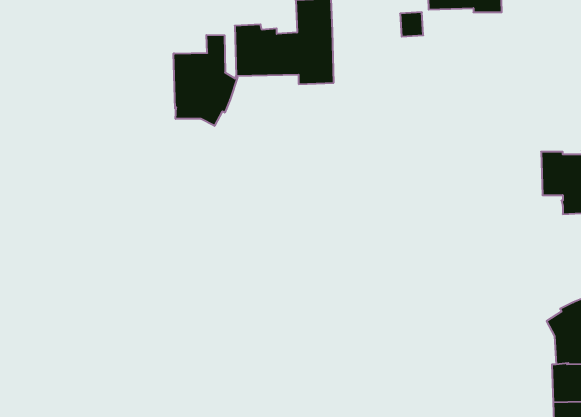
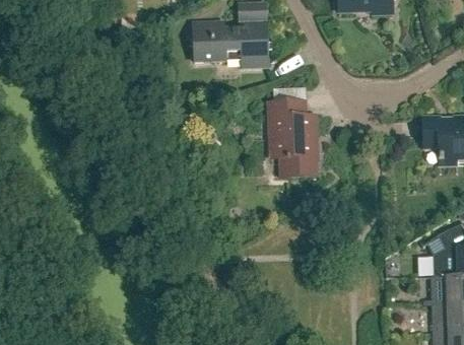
building: [174,35,237,126] -> none
building: none -> [269,100,318,177]

